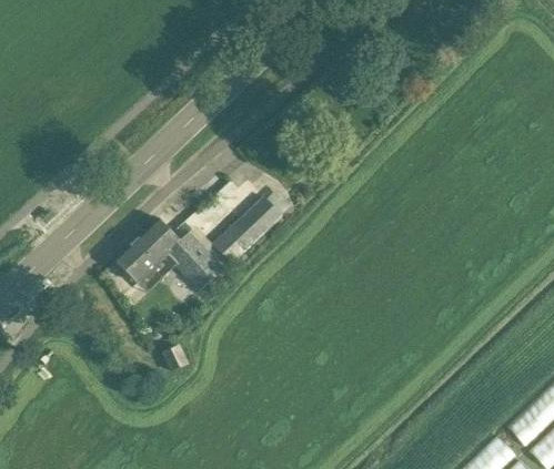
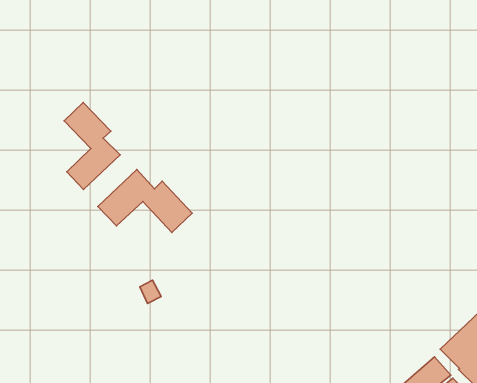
building: none -> [64,103,120,189]
building: [214,196,283,264] -> none

